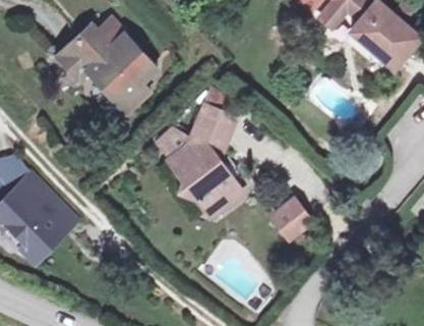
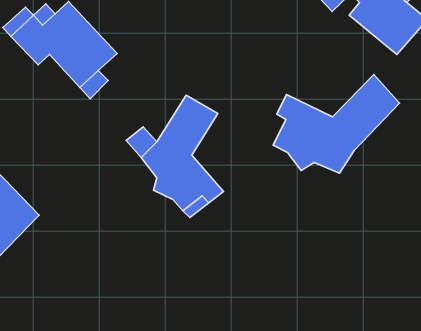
building: none -> [273,75,400,173]
building: [262,200,303,239] -> none

